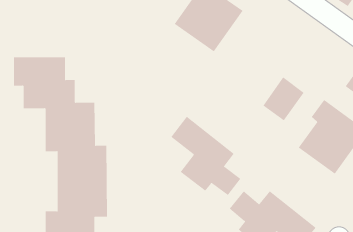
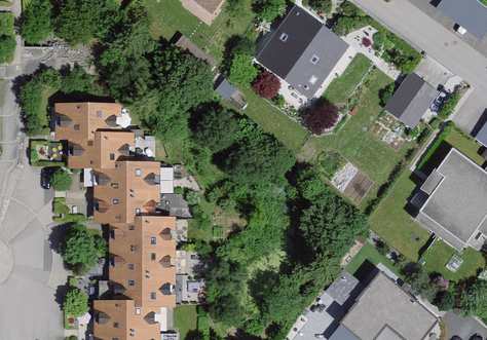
building: [262,76,305,121] -> [384,74,438,130]
building: [170,116,241,196] -> none

